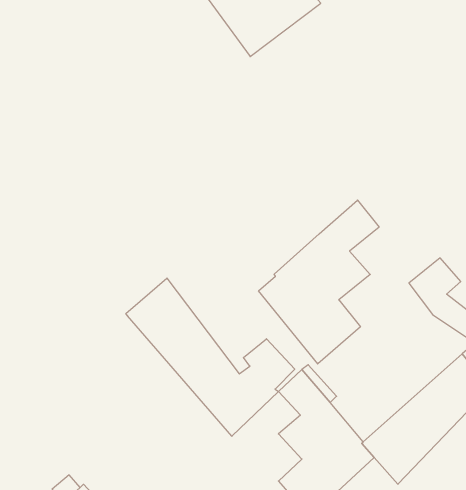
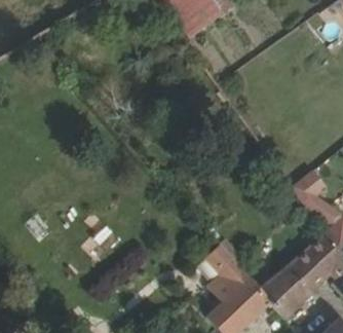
building: [259,200,379,364] -> none
building: [126,278,295,436] -> none

